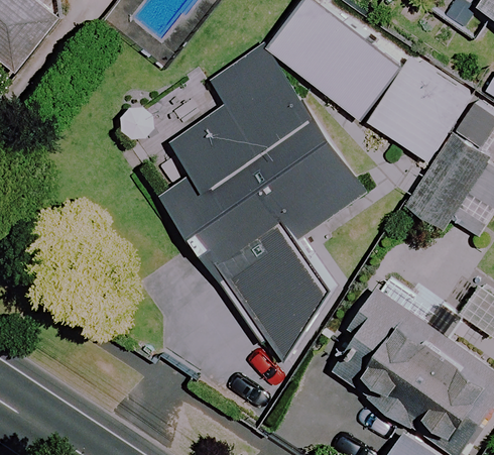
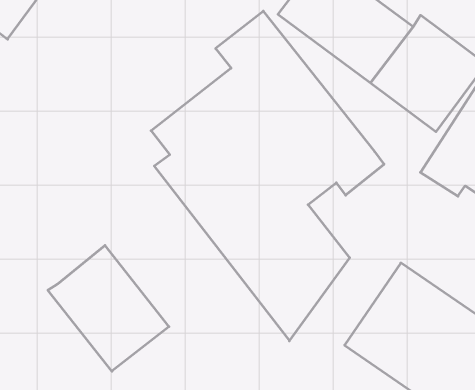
building: none -> [48,245,169,371]

